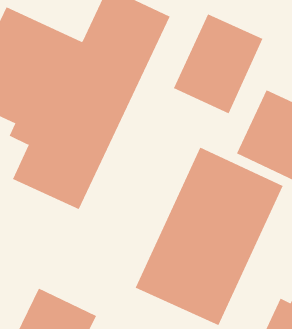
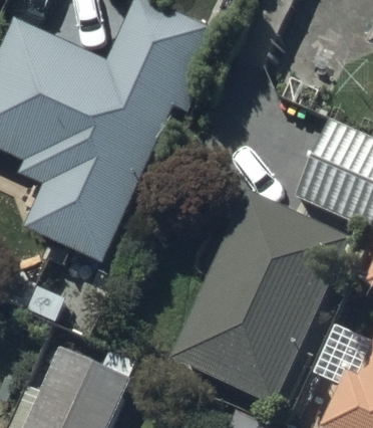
building: [173,13,263,114] -> none

